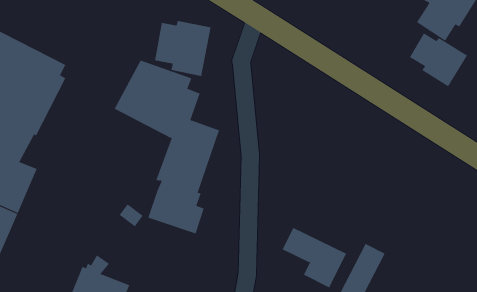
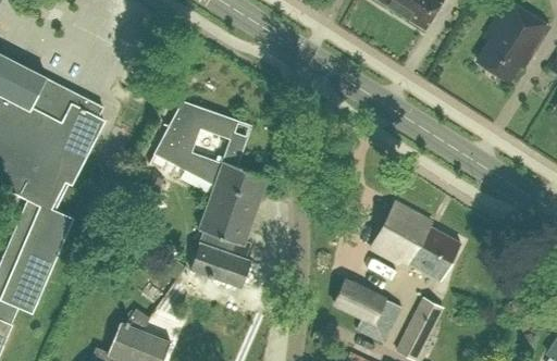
building: [155,20,211,77] -> none
building: [409,32,468,87] -> none
building: none -> [370,201,460,281]

